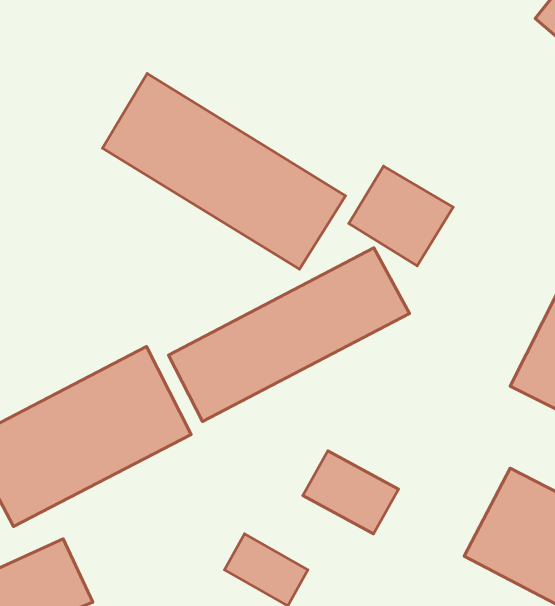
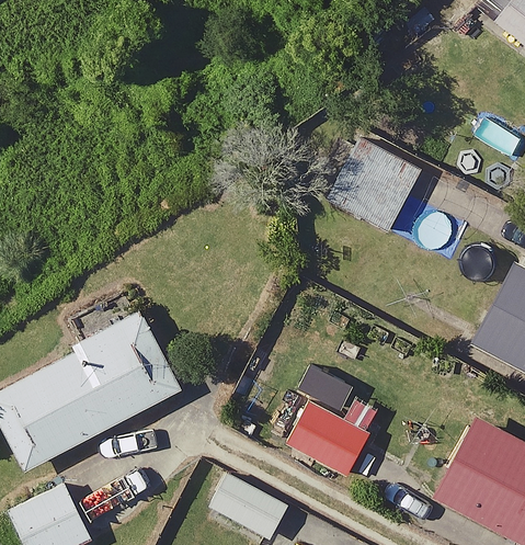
building: [103,73,346,269] -> none
building: [169,248,410,421] -> none

